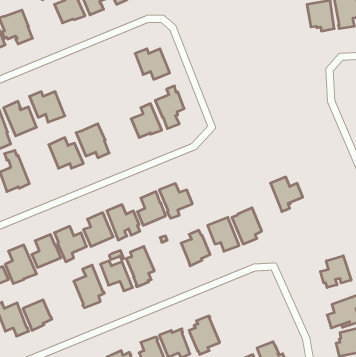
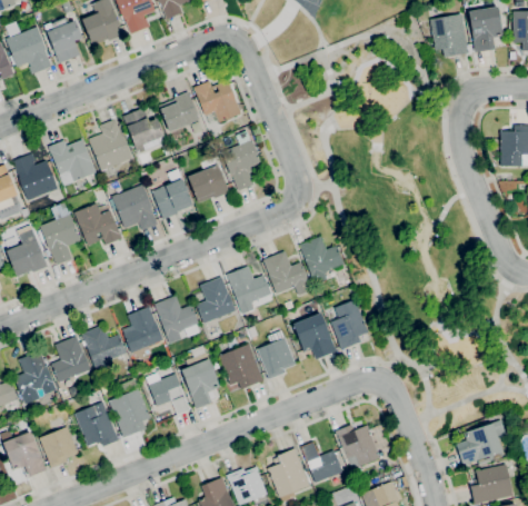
building: none -> [44,18,82,62]
building: none -> [159,91,200,131]
building: none -> [122,107,165,151]
building: none -> [89,119,133,170]
building: none -> [152,178,193,219]
building: none -> [40,212,81,265]
building: none -> [263,250,312,296]
building: [270,177,303,212] -> [300,236,345,284]
building: none -> [219,344,265,387]
building: [320,256,351,288] -> none
building: none -> [74,401,119,446]
building: none -> [336,424,380,469]
building: none -> [301,441,342,483]

